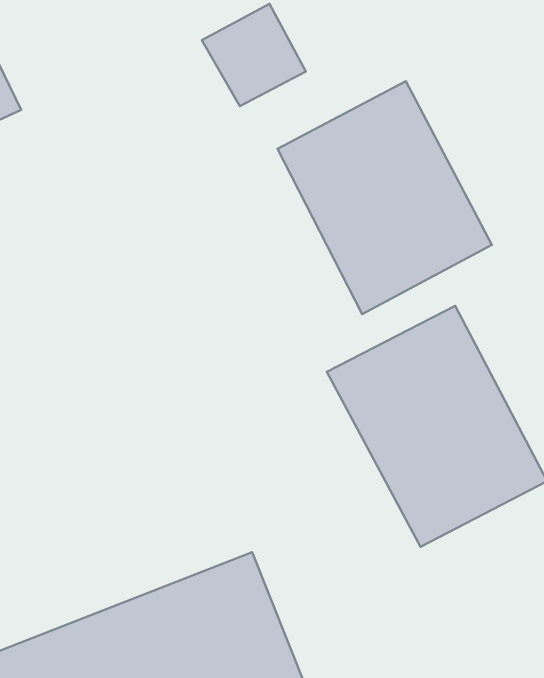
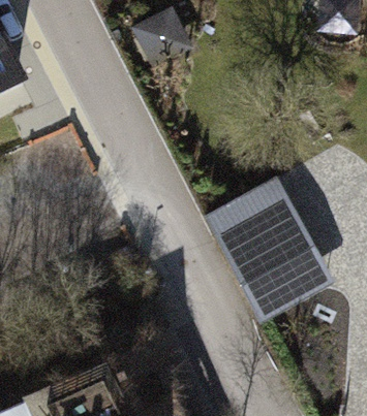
building: [277,81,492,314] -> none

